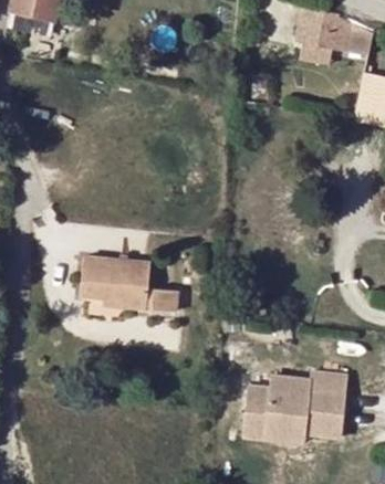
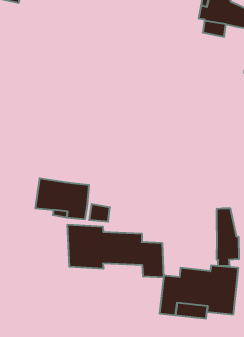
building: none -> [217,208,239,266]
building: none -> [68,225,164,278]

